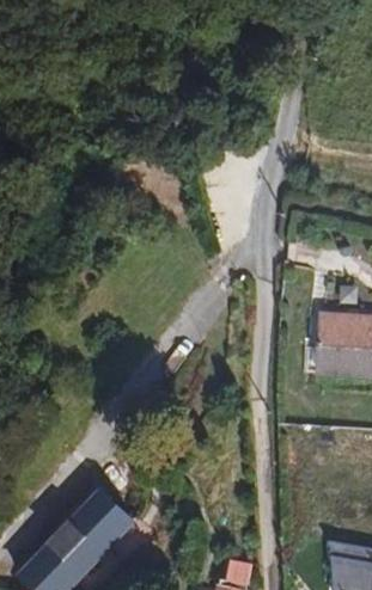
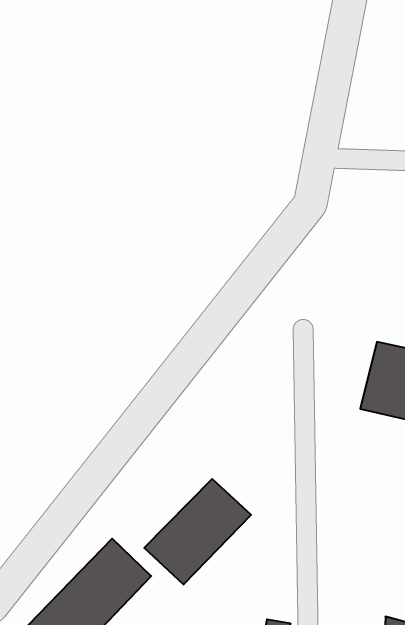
building: none -> [144,479,251,585]

